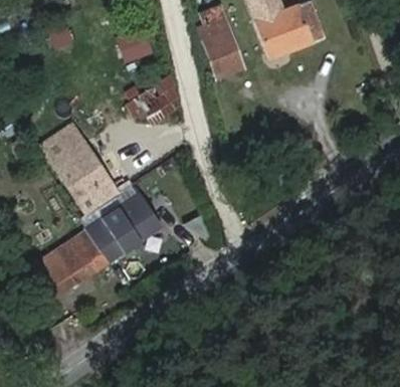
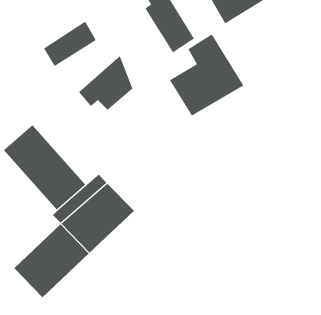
building: none -> [169,34,244,117]

